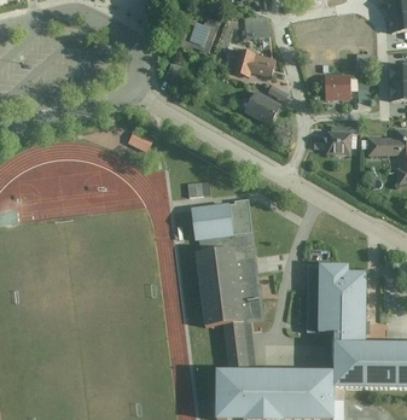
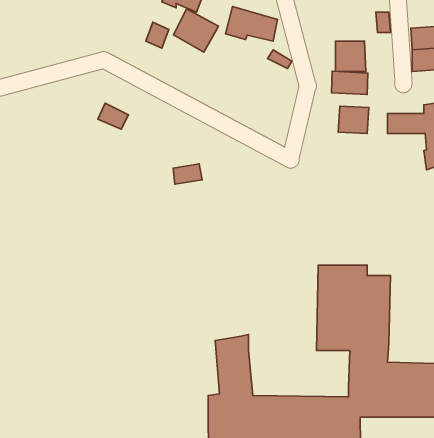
building: [244,89,281,126] -> [174,9,218,52]
building: none -> [331,71,368,95]
building: [191,200,263,327] -> none

